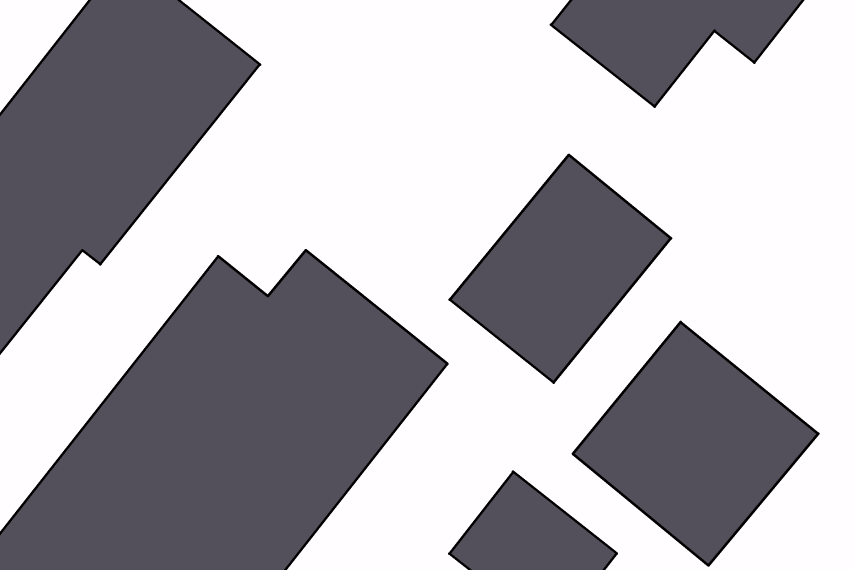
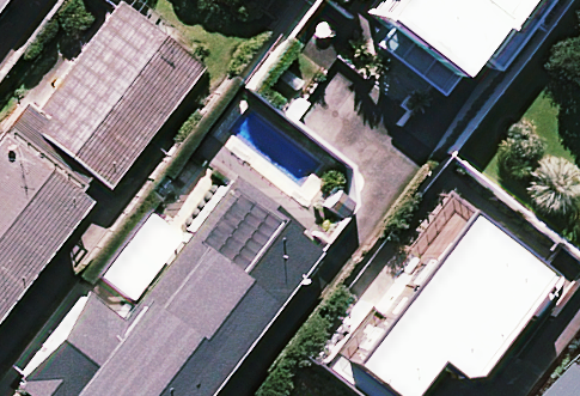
building: [450,155,671,383] -> none

